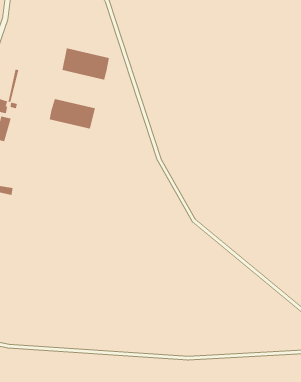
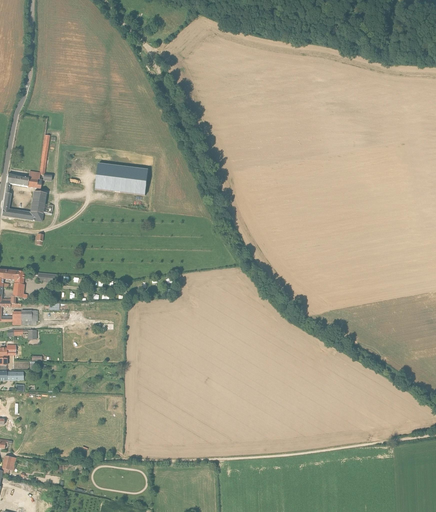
building: [62,47,109,81] -> none

